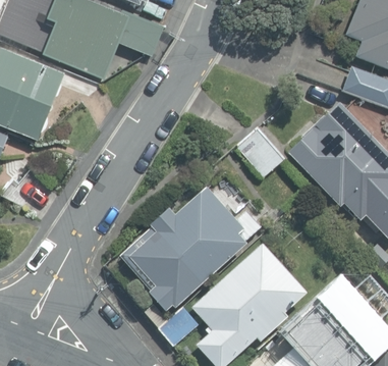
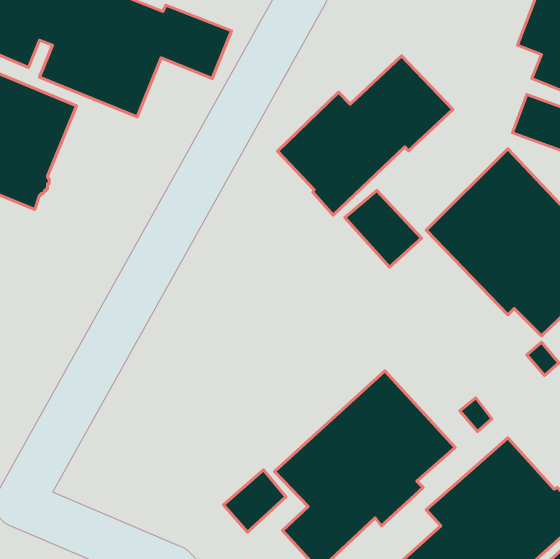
building: none -> [278,56,453,215]
building: [121,172,262,311] -> none

